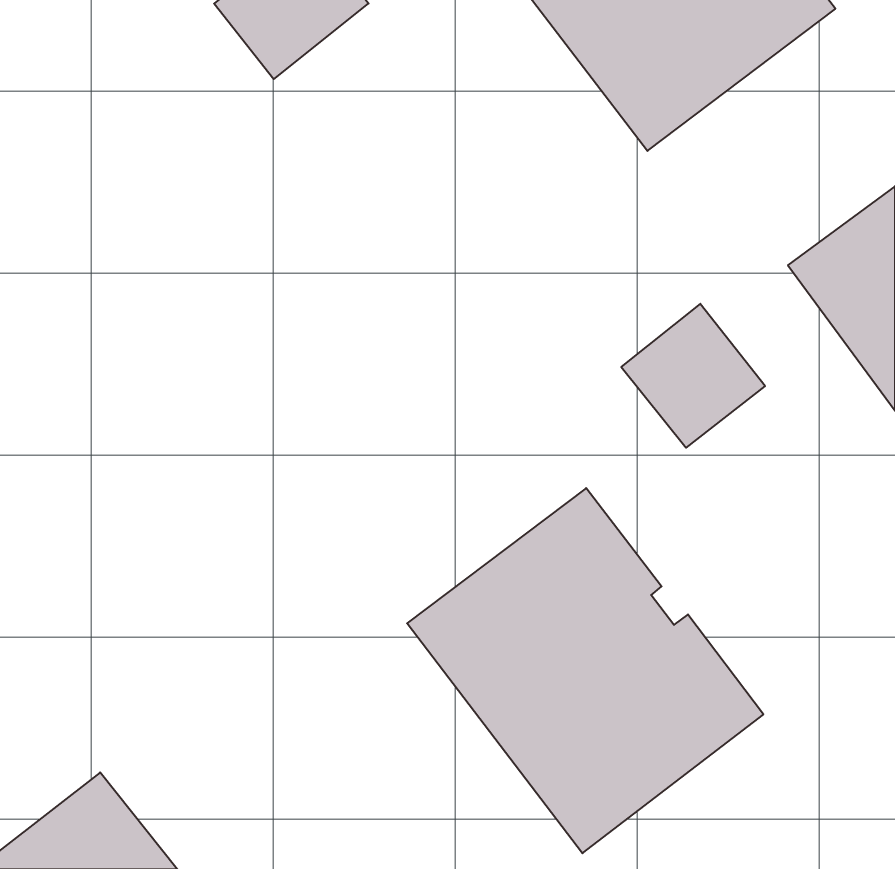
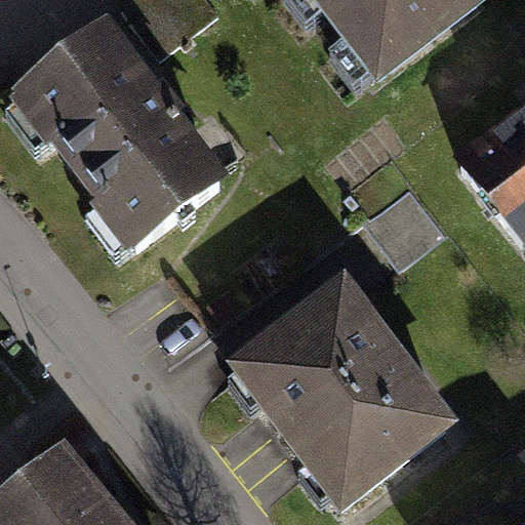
building: none -> [16,30,219,248]

